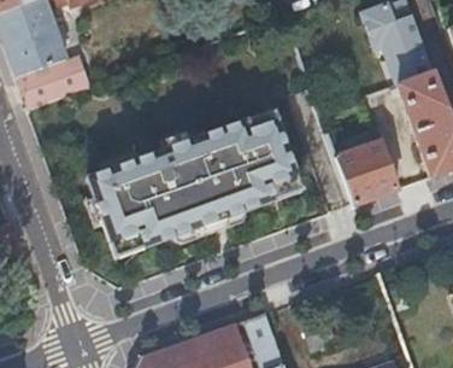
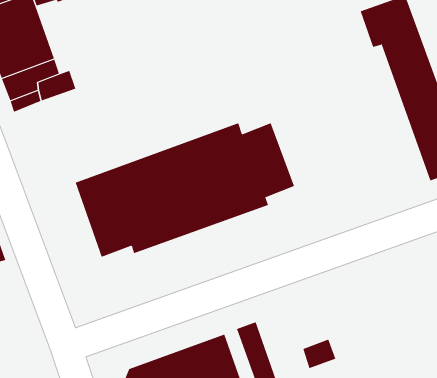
building: [339,140,400,204] -> none

